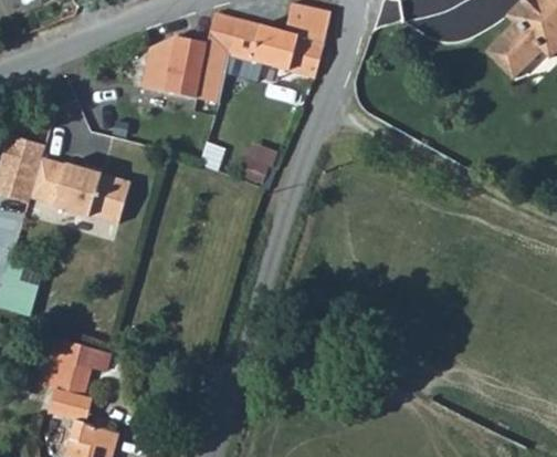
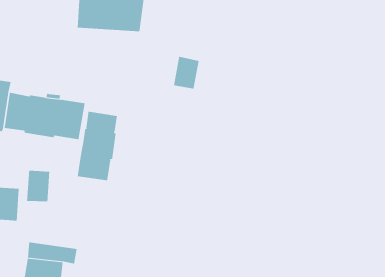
building: none -> [77,111,117,181]
building: none -> [27,170,50,202]

